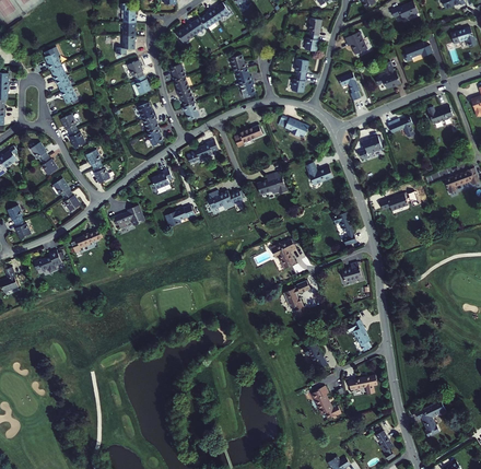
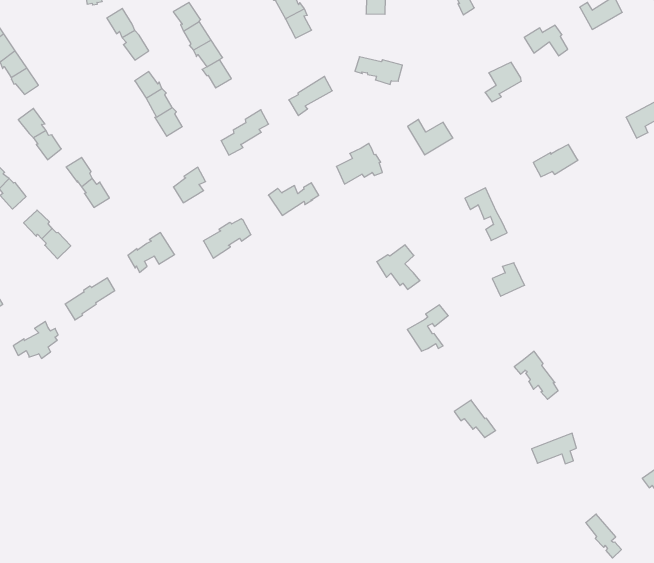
building: [313,387,341,421] -> none

